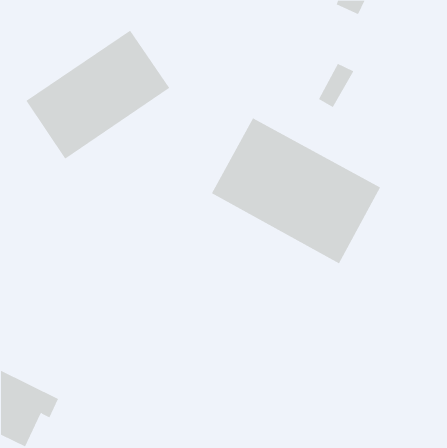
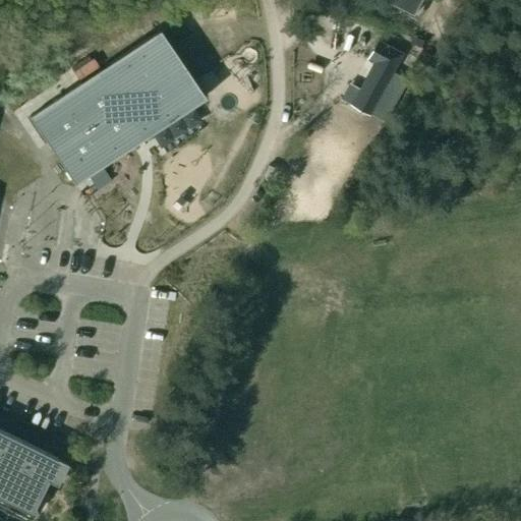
building: none -> [343,41,404,115]
building: [211,117,381,264] -> none

